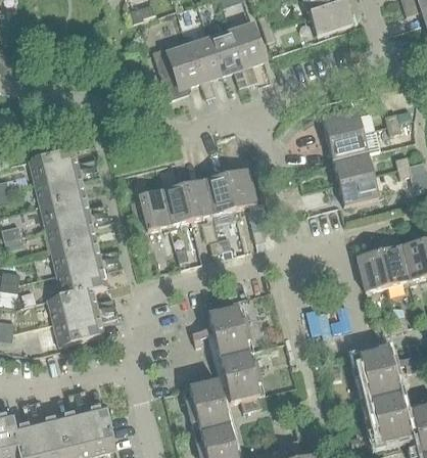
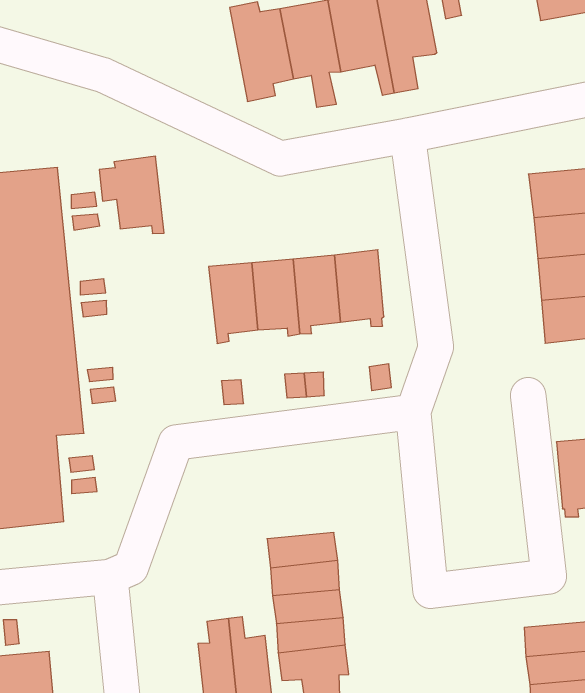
building: [132,188,171,229] -> [99,156,164,233]
building: [207,301,246,327] -> none

